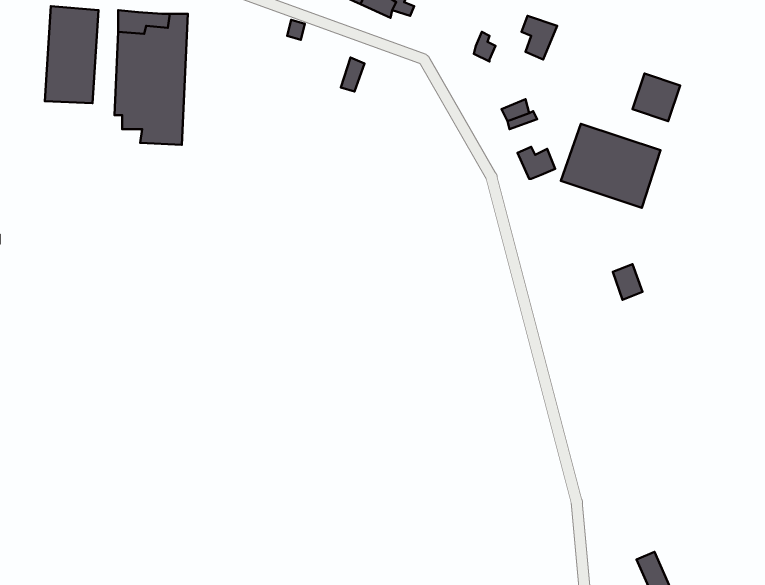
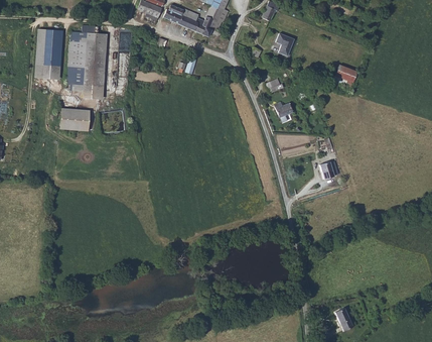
building: [561,124,660,208] -> none
building: none -> [64,108,94,130]

